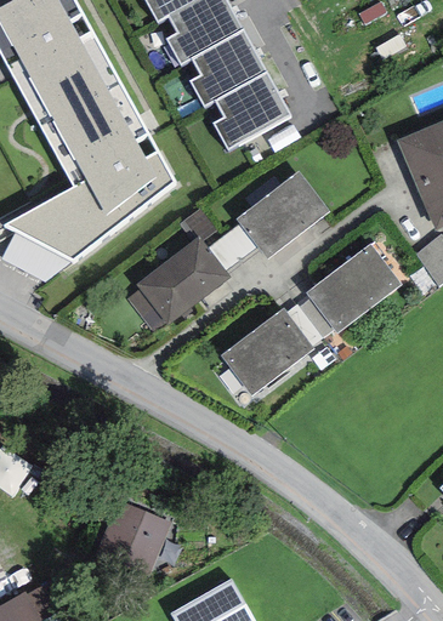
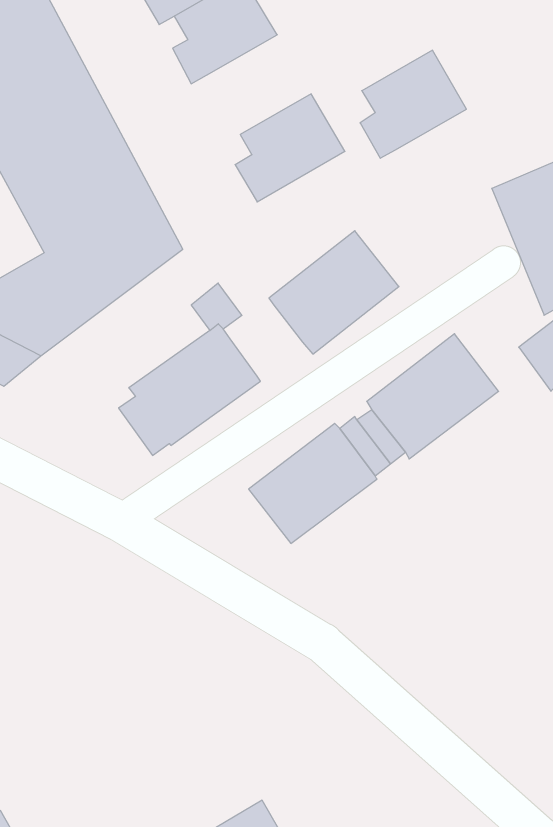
building: [189,29,266,107] -> [360,50,466,158]
building: [208,223,260,274] -> none
building: [96,500,171,572] -> none

